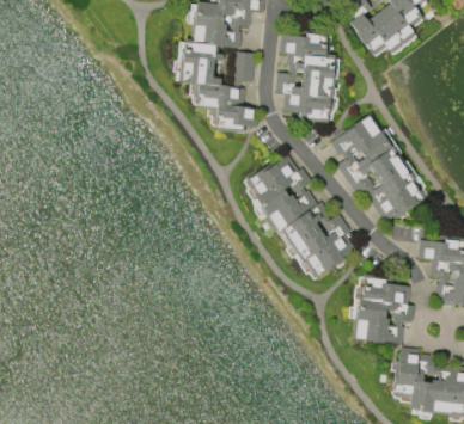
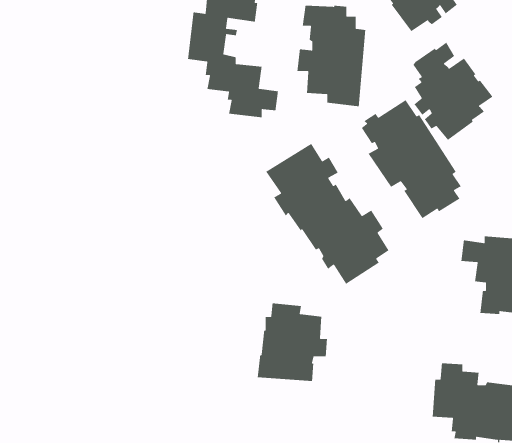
building: [236,51,255,81] -> none
building: none -> [412,42,493,141]
building: [352,274,414,343] -> [257,303,328,382]

